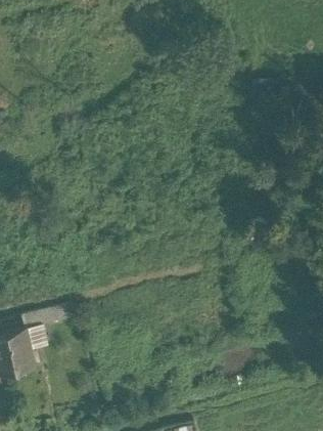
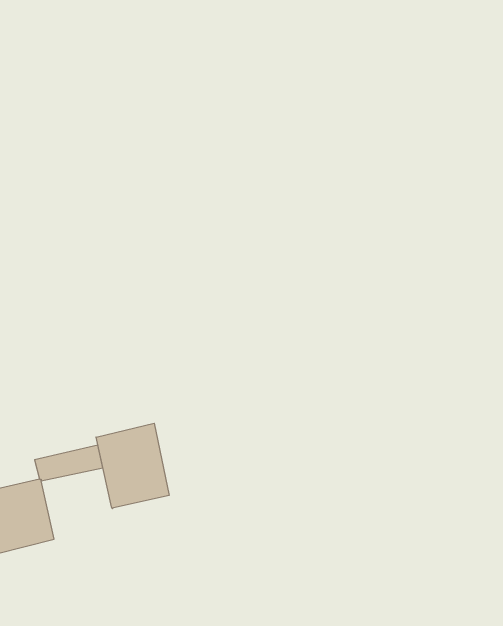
building: none -> [96,423,169,509]

